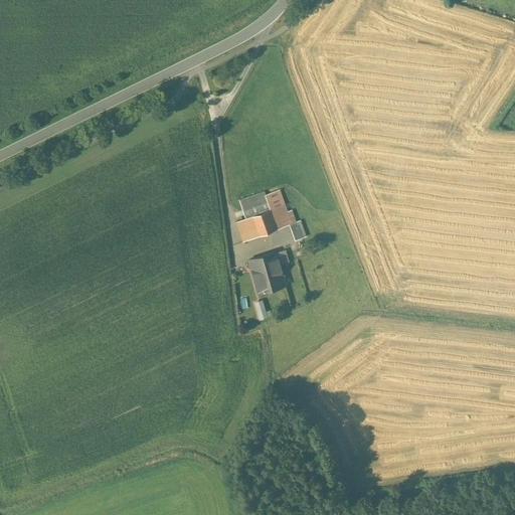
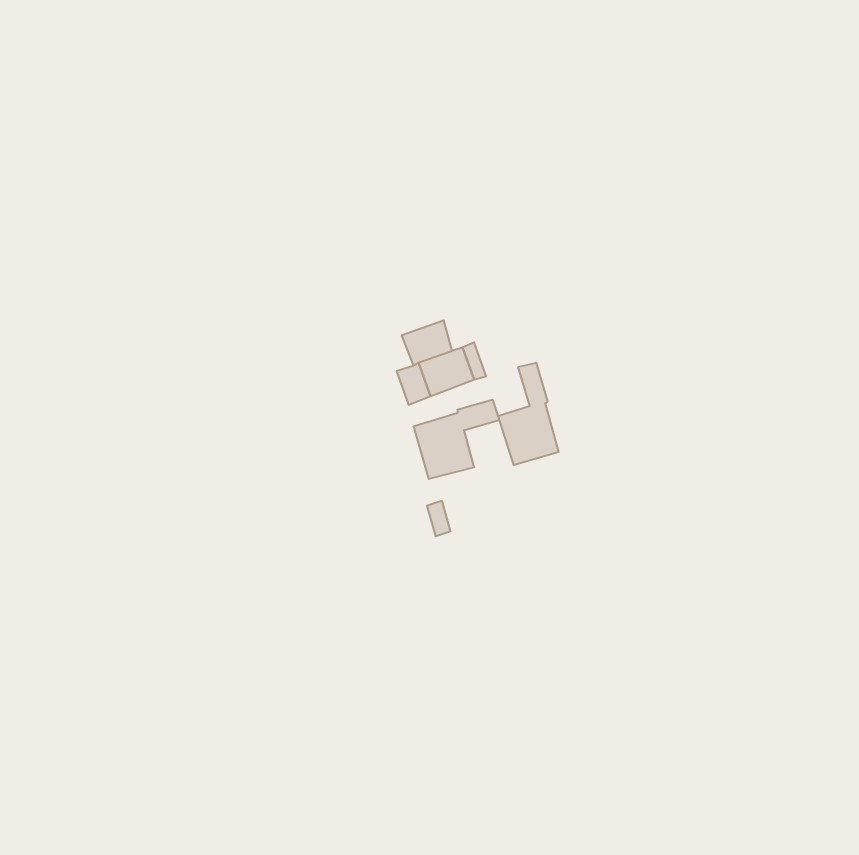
building: none -> [498,363,559,465]

